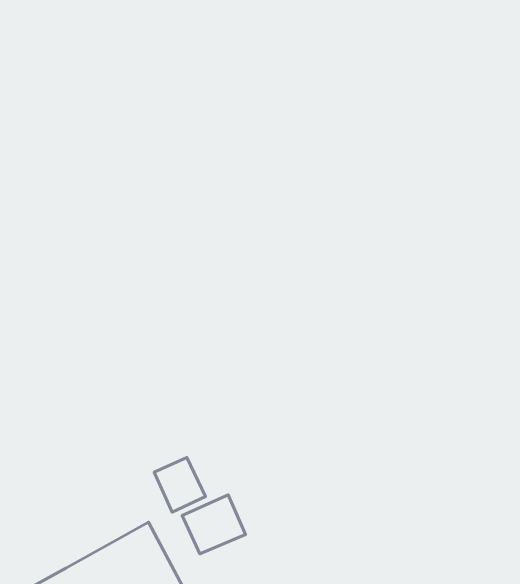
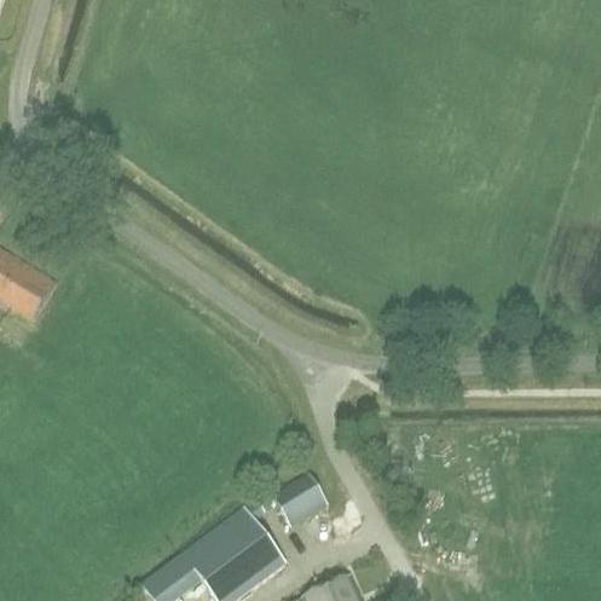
building: [154,458,205,512] -> none

